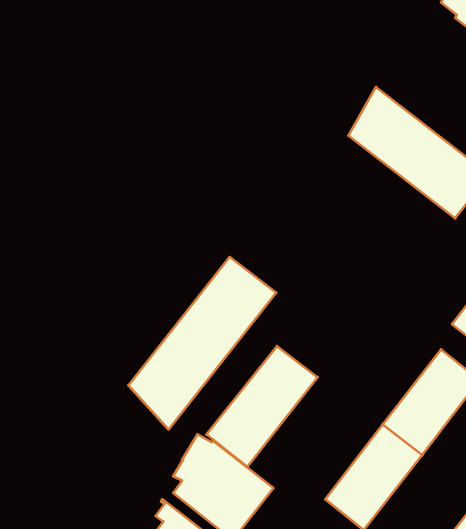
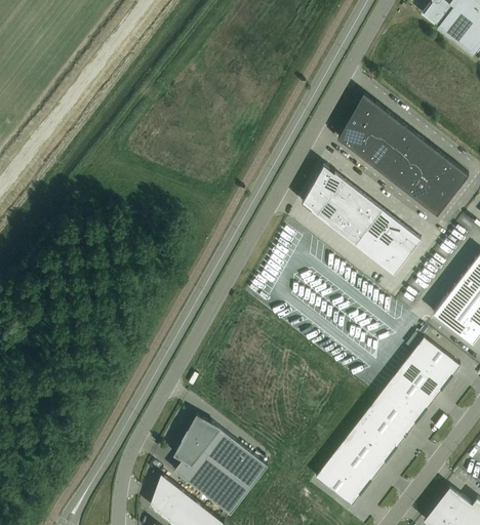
building: none -> [302,164,421,274]
building: [128,257,276,429] -> none
building: [206,346,318,467] -> none

